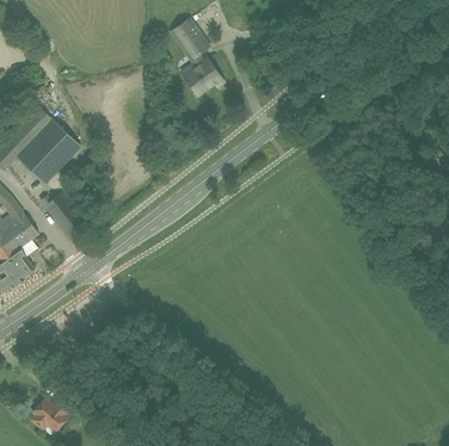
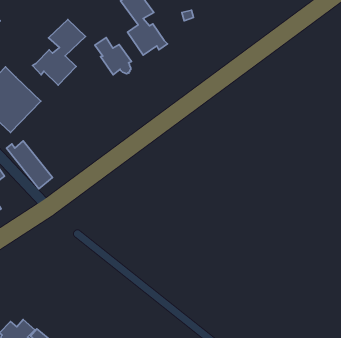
building: none -> [32,19,85,85]
building: none -> [95,38,131,75]

